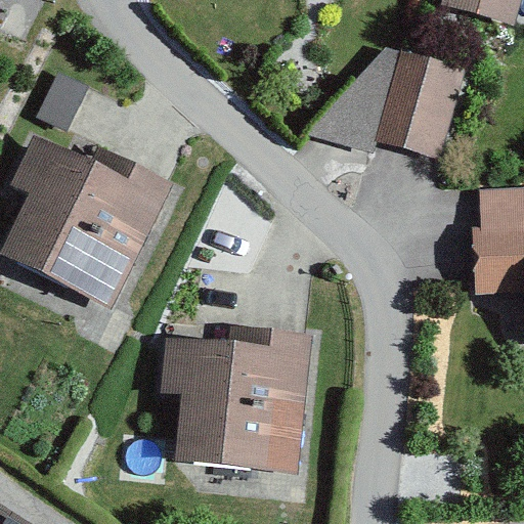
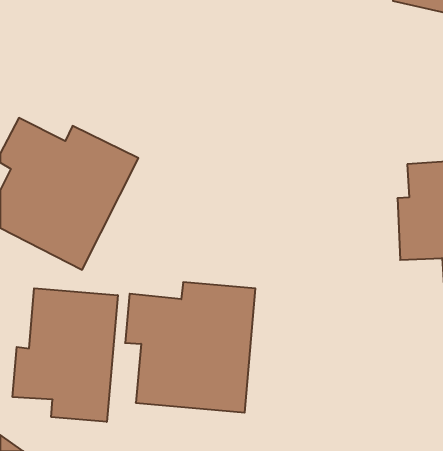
building: [312,47,466,156] -> none
building: none -> [13,288,118,422]

